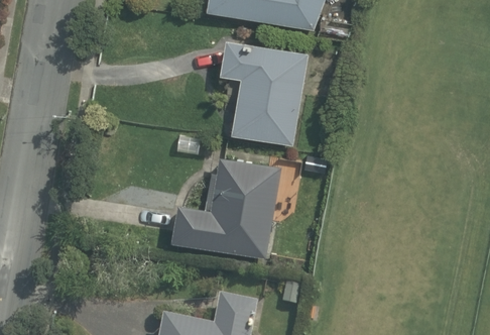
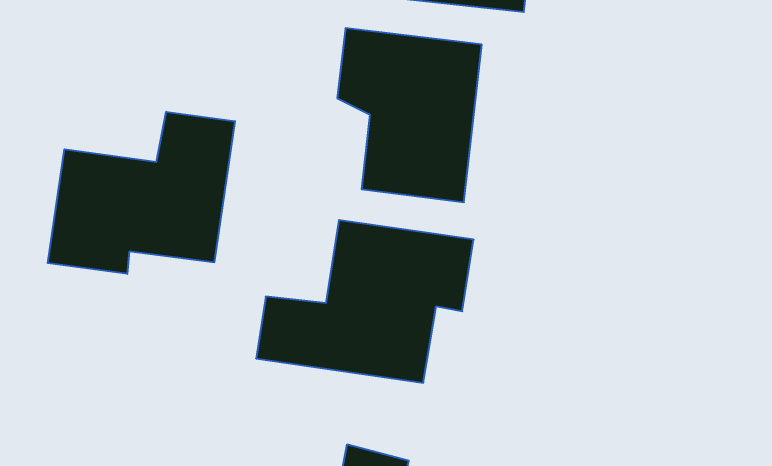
building: none -> [48,112,235,274]

